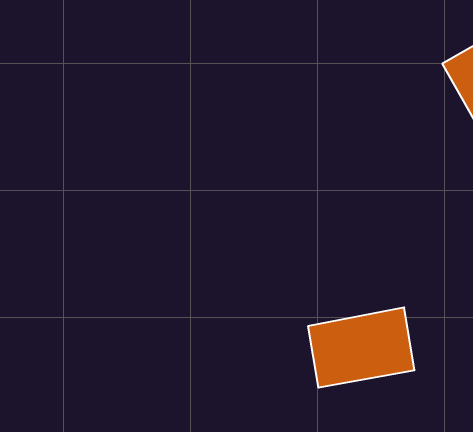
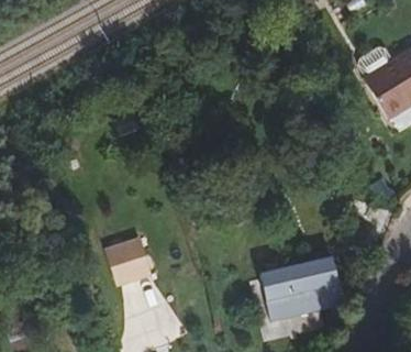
building: none -> [101,231,155,285]

